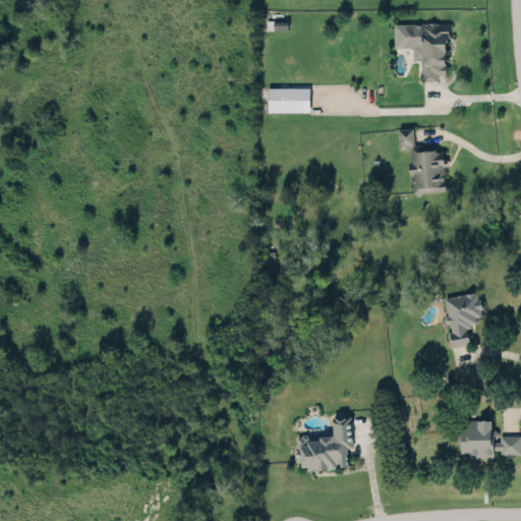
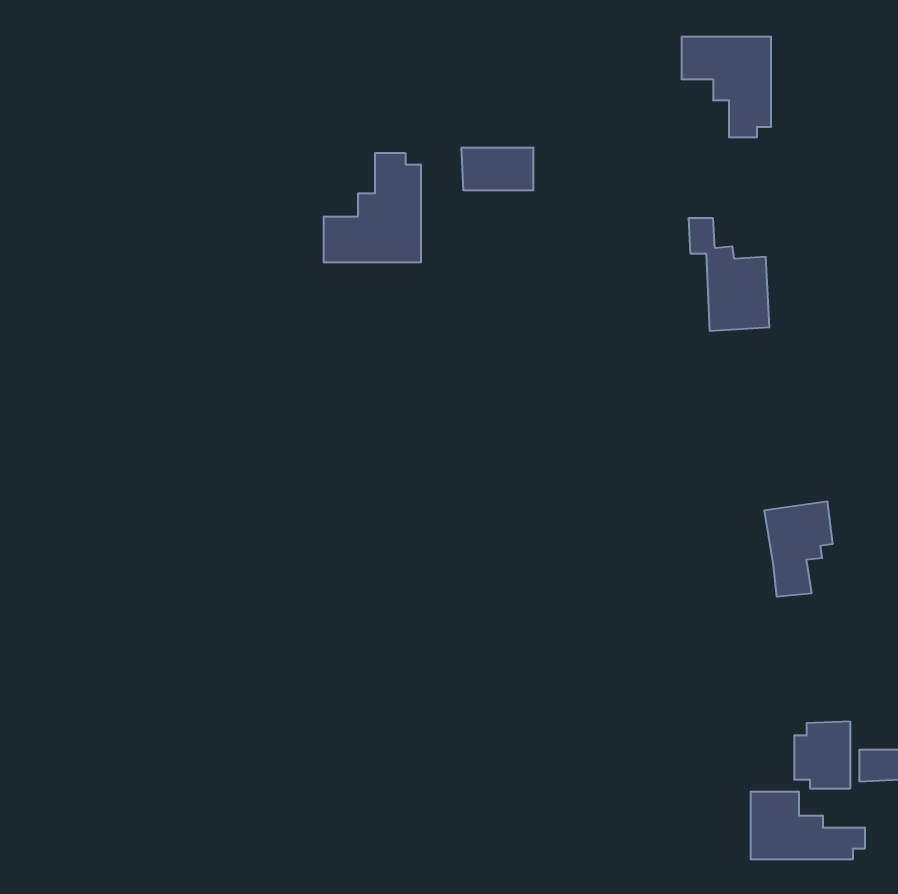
building: none -> [324,153,421,263]
building: [298,417,353,471] -> none
building: none -> [751,791,865,859]

